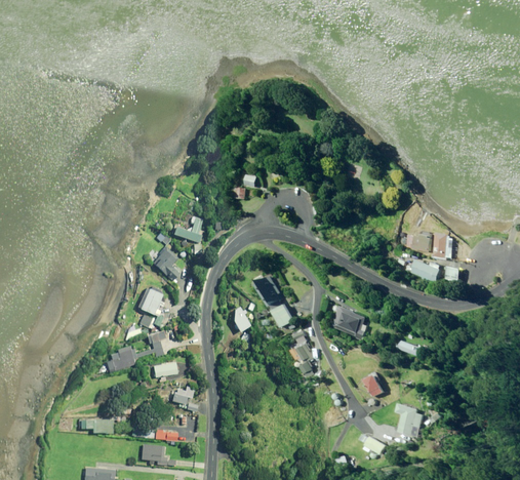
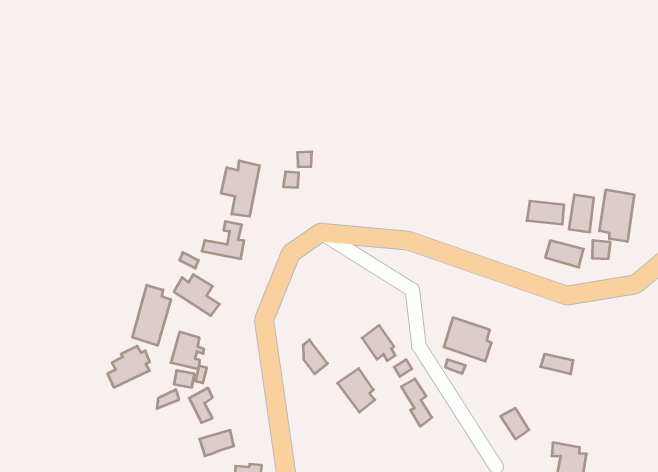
building: none -> [221,161,259,216]
building: none -> [599,190,634,242]
building: none -> [132,285,171,345]
building: [258,276,283,307] -> [337,368,375,412]
building: [105,346,135,372] -> [108,346,150,387]

